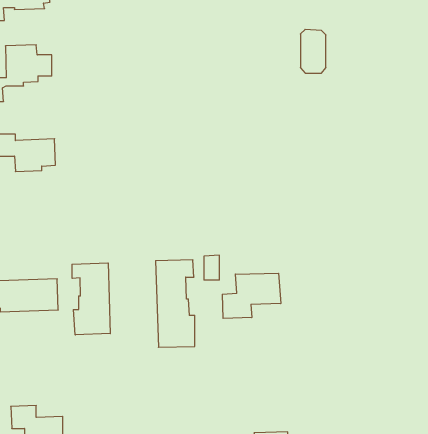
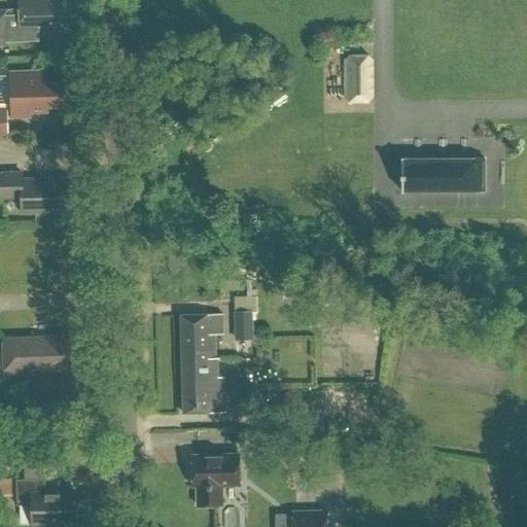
building: none -> [400,159,483,190]
building: [72,263,110,335] -> none
building: [222,273,281,318] -> none
building: none -> [190,454,239,505]

